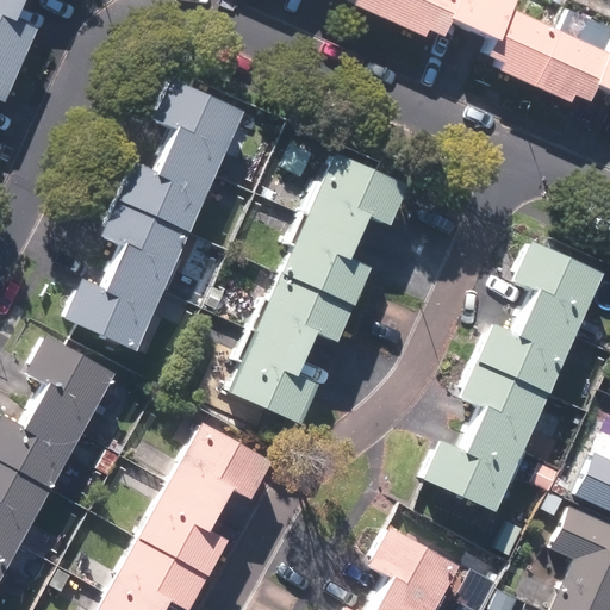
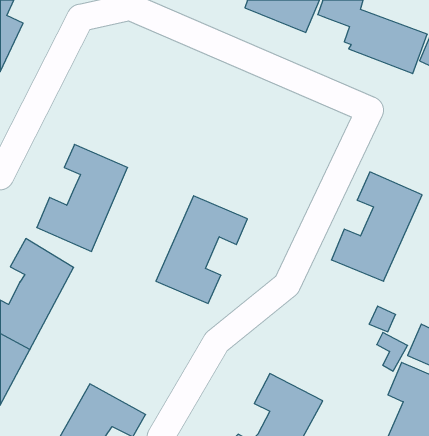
building: [116,81,242,235] -> none
building: [281,151,410,306] -> none
building: [421,363,546,512] -> none
building: [137,421,278,579] -> none

